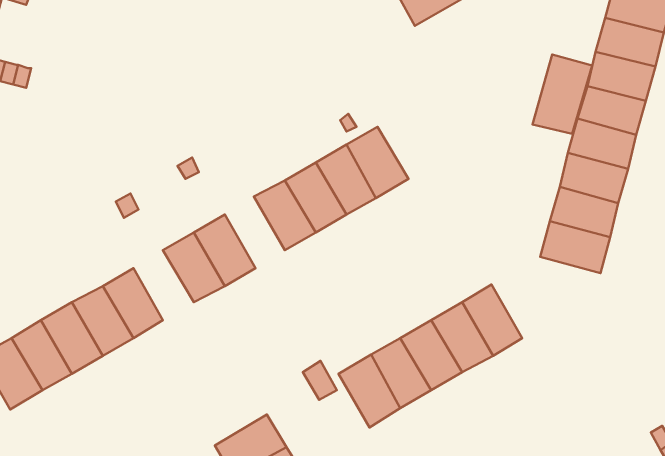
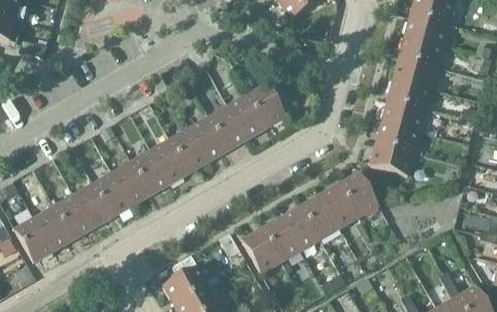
building: [533,54,592,134] -> none
building: none -> [169,128,207,173]
building: none -> [111,162,150,206]
building: none -> [338,172,378,217]

